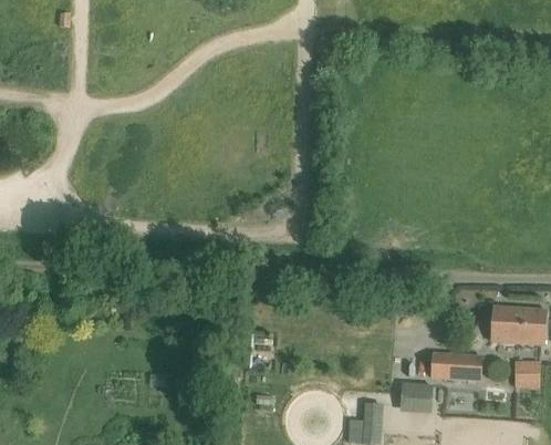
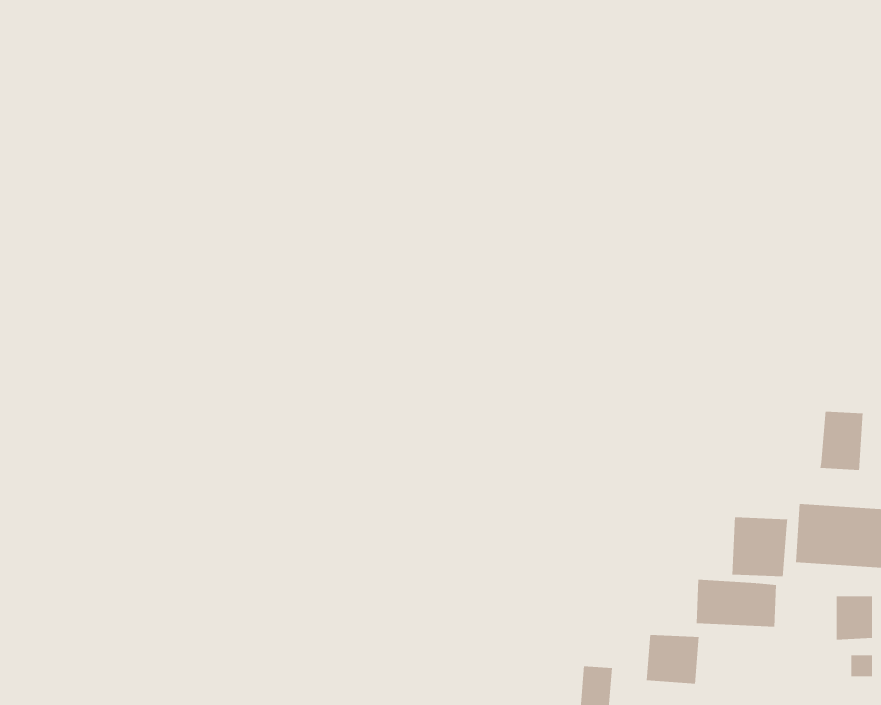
building: none -> [820,411,863,471]
building: none -> [732,517,788,577]

